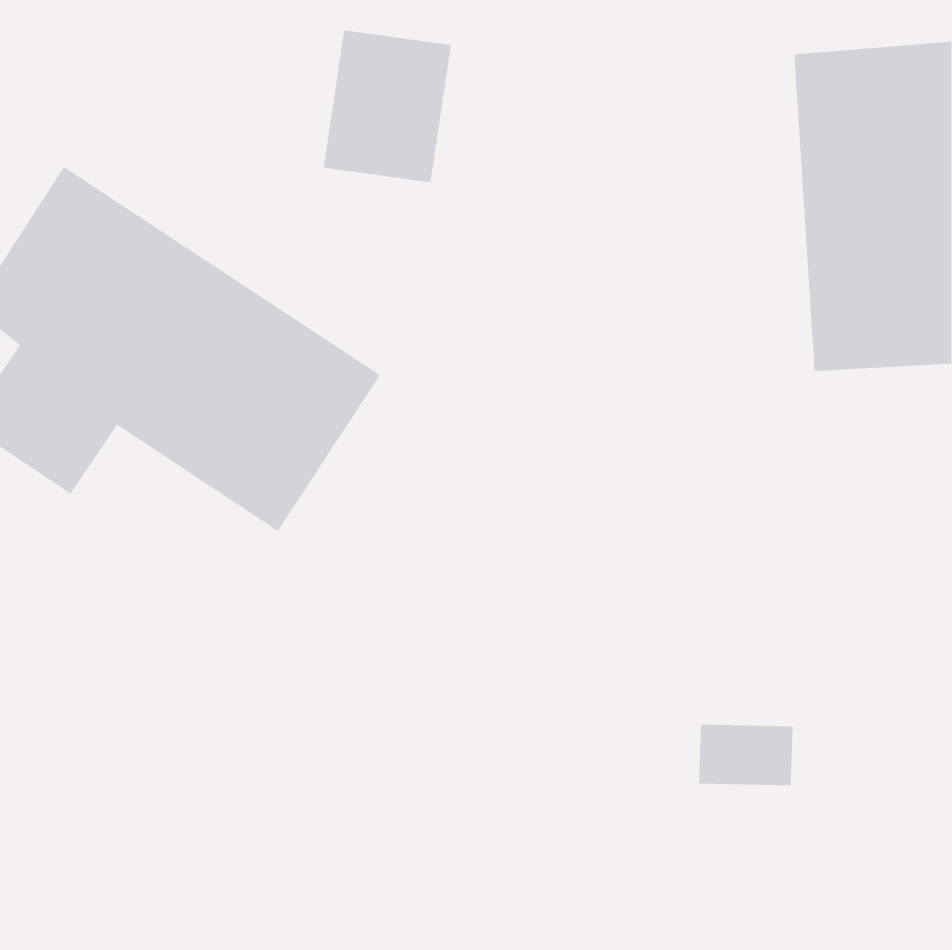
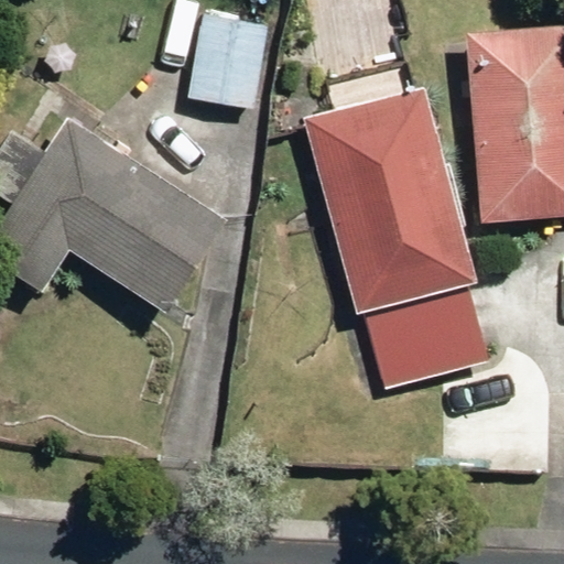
building: none -> [305,88,477,312]
building: none -> [370,297,486,388]

